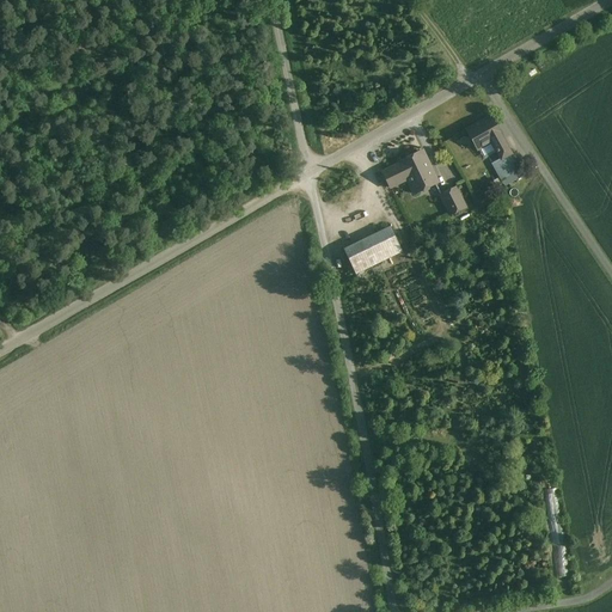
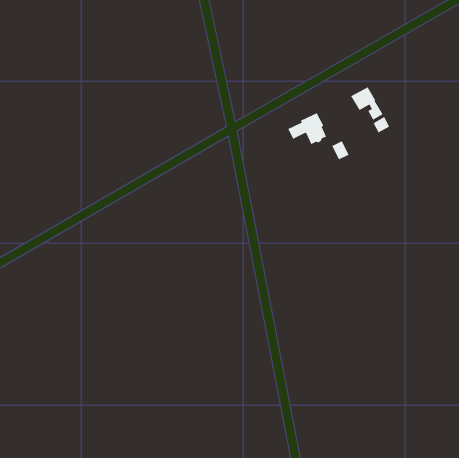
building: [345,227,400,270] -> none

